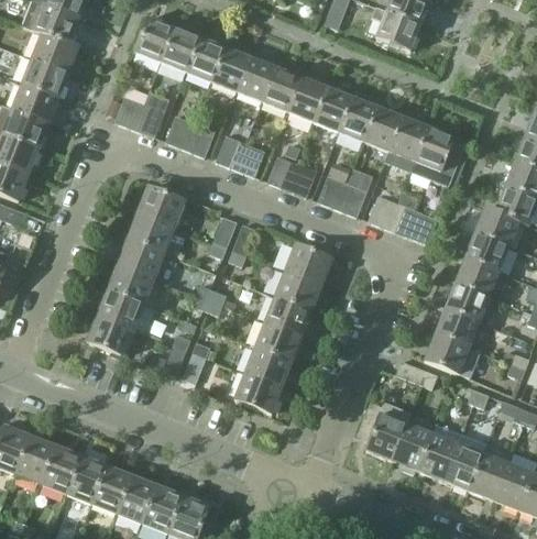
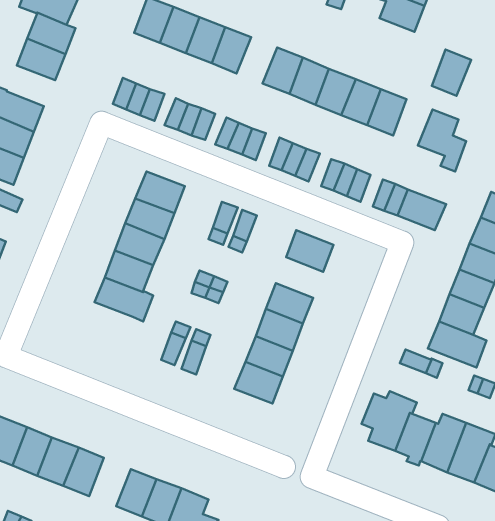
building: [235,56,275,101] -> none
building: [11,84,58,123] -> none
building: [388,117,427,162] -> [432,50,471,96]
building: [274,271,320,310] -> none
building: [86,315,134,356] -> none
building: [91,466,132,514] -> none

